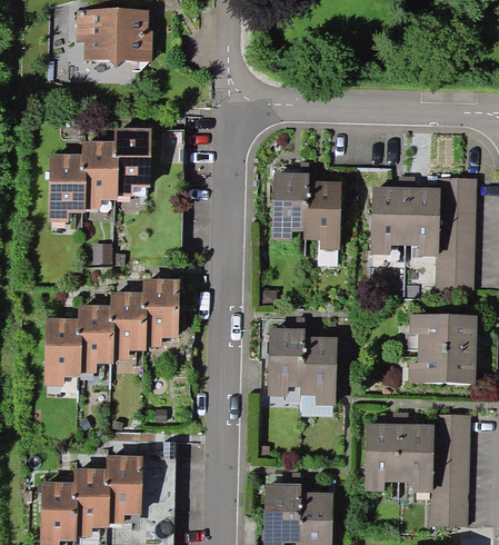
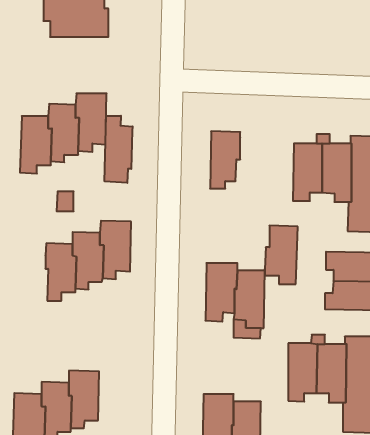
building: none -> [105,116,133,183]
building: [302,180,341,249] -> [265,226,298,284]
building: [44,318,81,386] -> none

